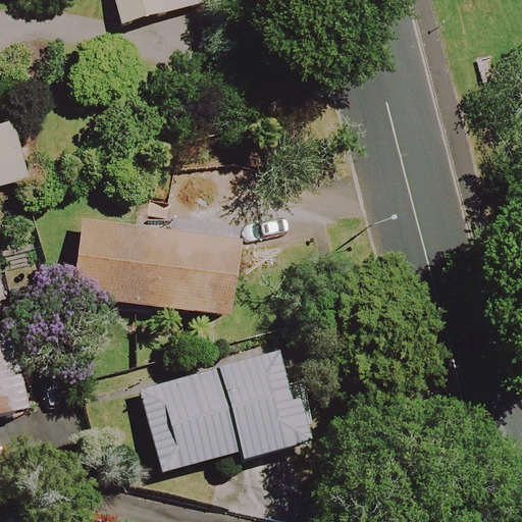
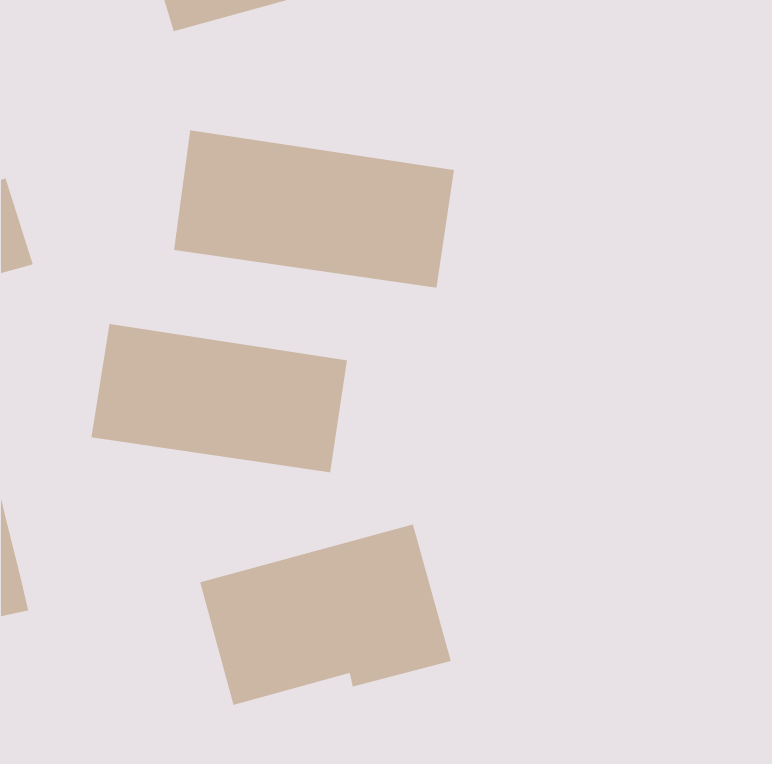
building: none -> [173,129,455,289]

